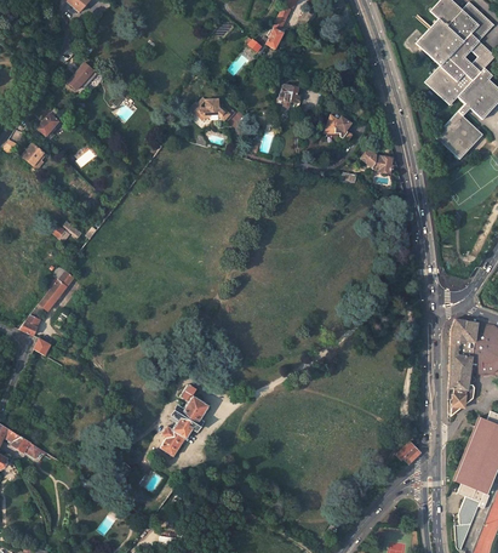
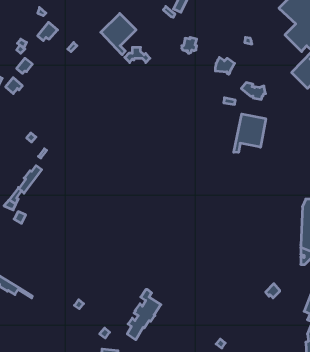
building: none -> [101,13,136,55]
building: none -> [234,114,266,152]
building: [161,383,210,456] -> [127,290,161,340]

